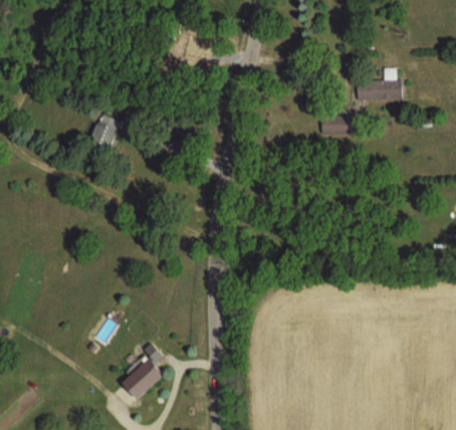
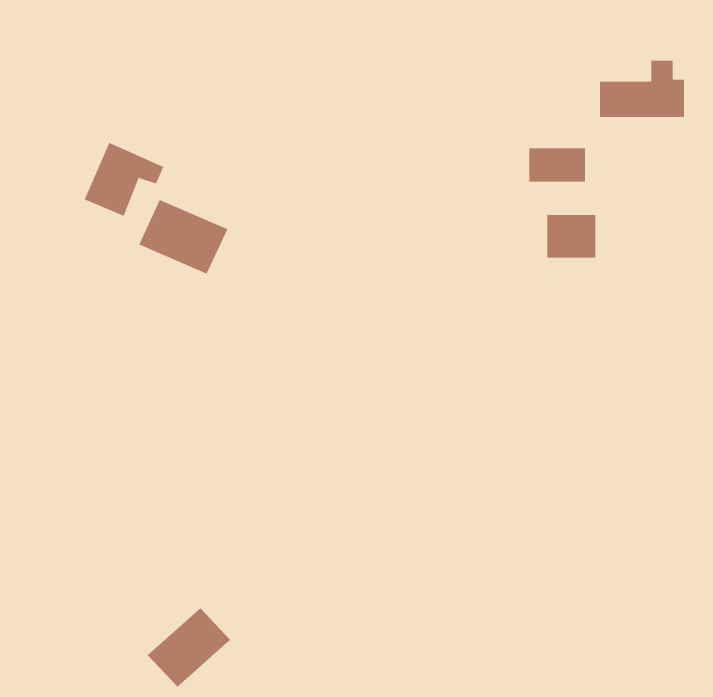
building: none -> [138,199,228,275]
building: none -> [547,214,596,259]

